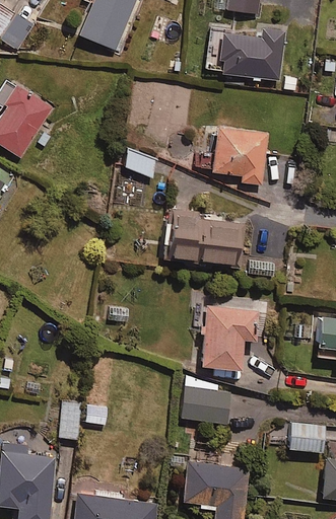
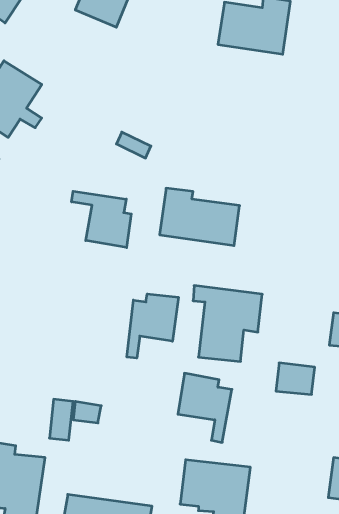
building: [210,125,269,184] -> none
building: none -> [72,191,131,248]
building: none -> [127,294,178,358]
building: [289,423,326,452] -> [276,363,315,394]

